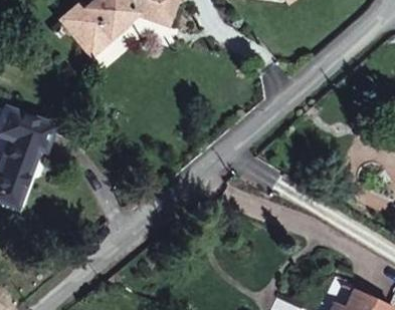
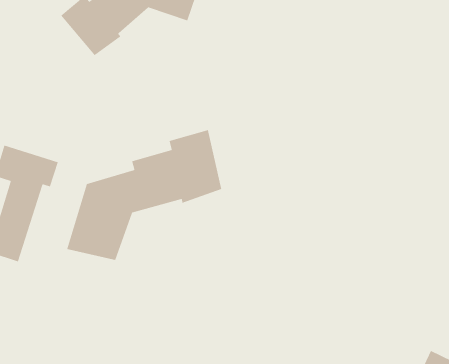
building: none -> [66,129,222,261]

